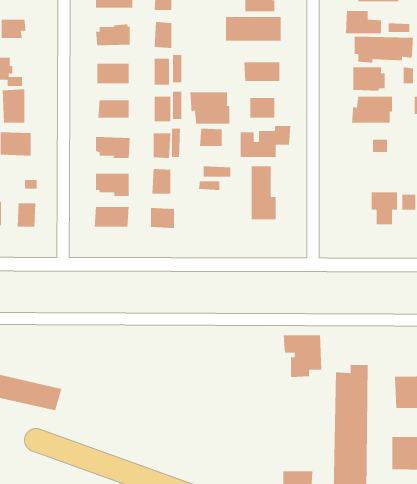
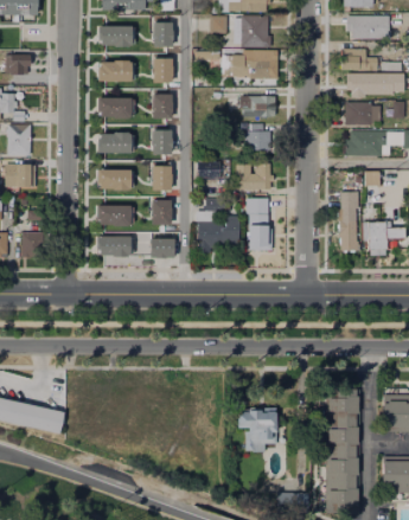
building: [190,91,230,125] -> none
building: none -> [339,191,359,250]
building: none -> [197,217,238,252]
building: [283,335,322,378] -> [238,410,276,451]

